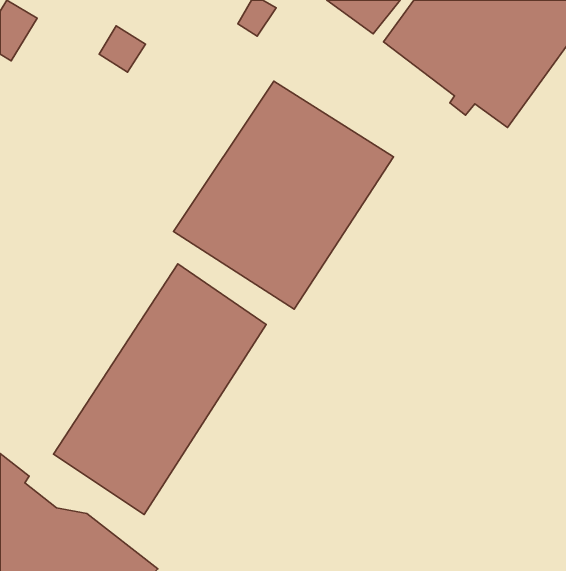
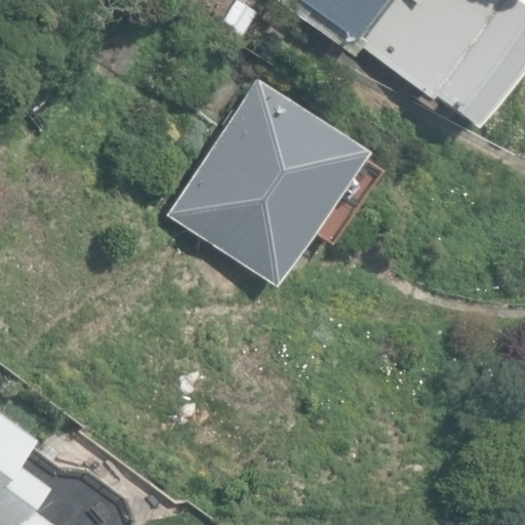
building: [54,264,266,515] -> none

